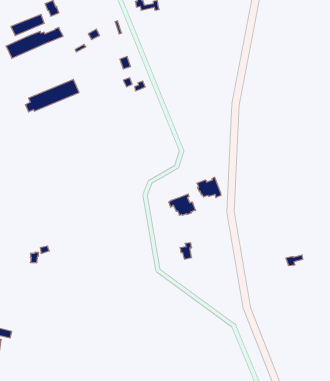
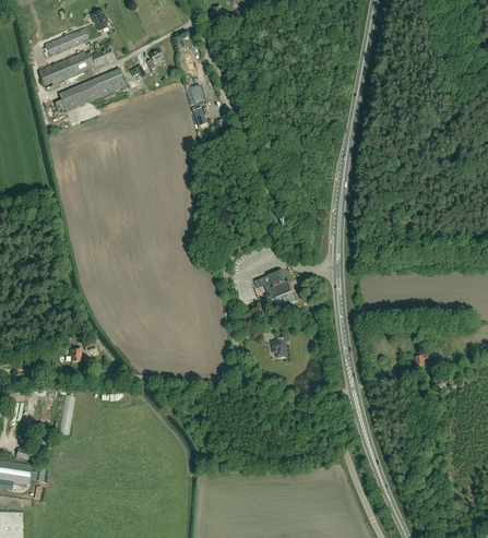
building: [25,79,79,112] -> [53,69,126,112]
building: [197,177,221,198] -> none

